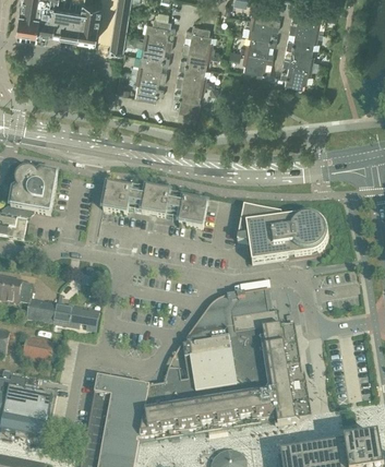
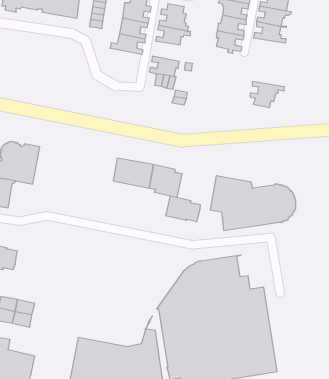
building: [280,58,316,85] -> [250,82,284,107]
building: [176,61,210,83] -> none
building: [135,70,165,98] -> none
building: [103,181,139,213] -> none
building: none -> [166,196,200,222]
building: [26,298,98,330] -> none

